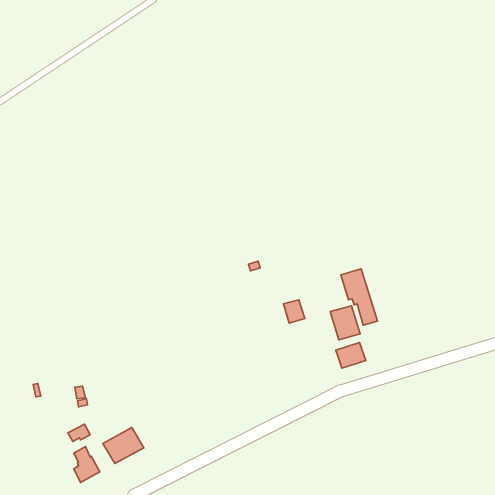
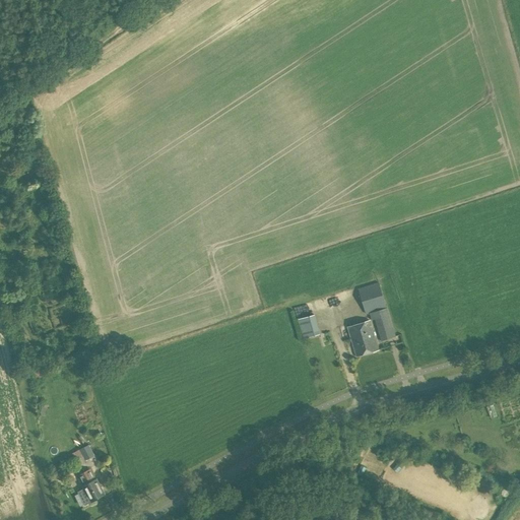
building: [336,343,366,368] -> none
building: [103,428,144,464] -> none

